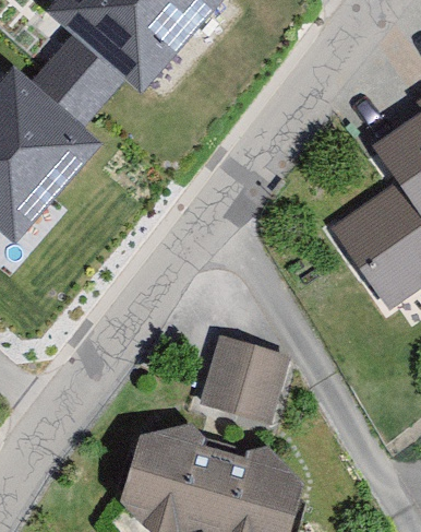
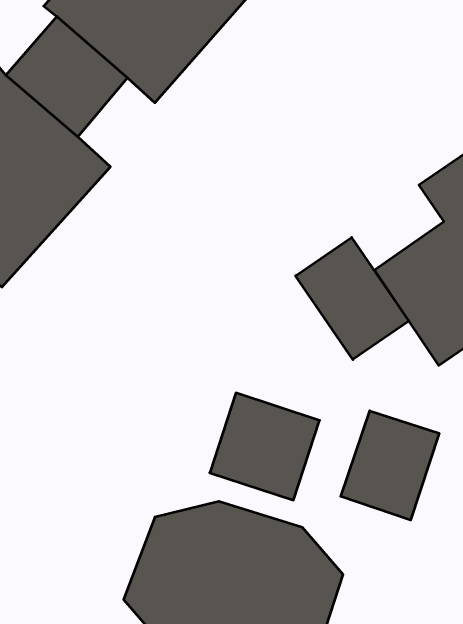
building: none -> [296,237,409,360]
building: none -> [341,411,439,520]

